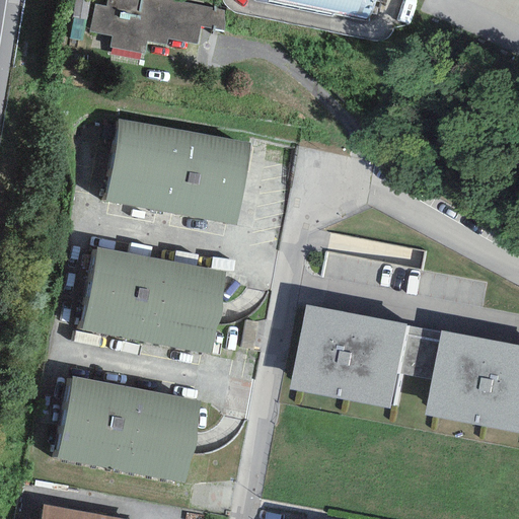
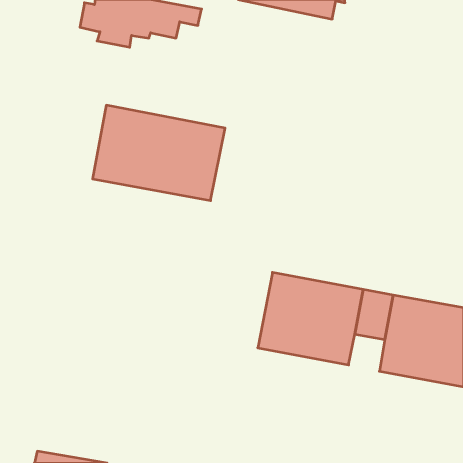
building: [81,246,226,354] -> none
building: [57,375,202,484] -> none

